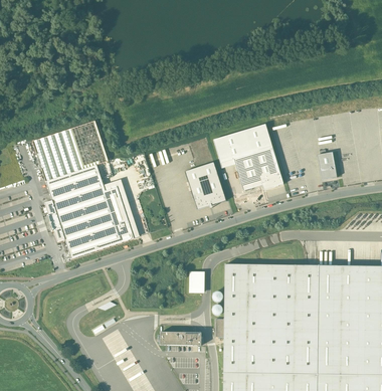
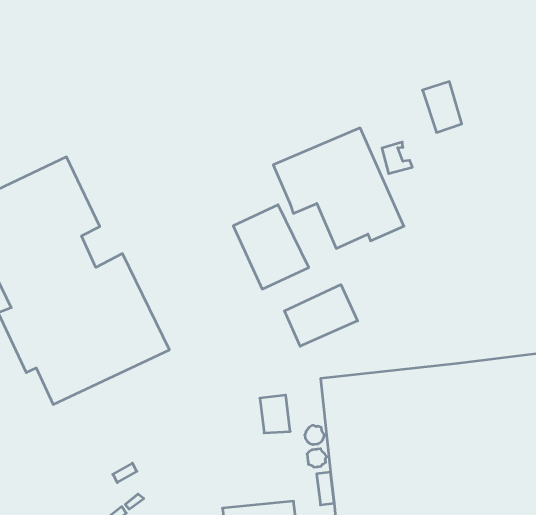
building: [317,152,337,180] -> [422,82,462,132]
building: none -> [284,285,358,346]

